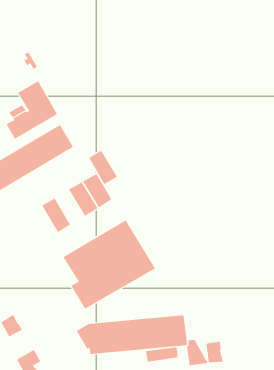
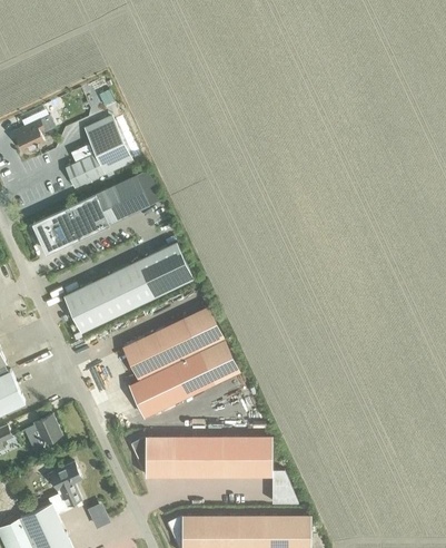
building: [88,150,118,185] -> [119,261,155,306]
building: none -> [62,278,118,333]
building: [206,341,223,363] -> none
building: [146,346,178,363] -> none

